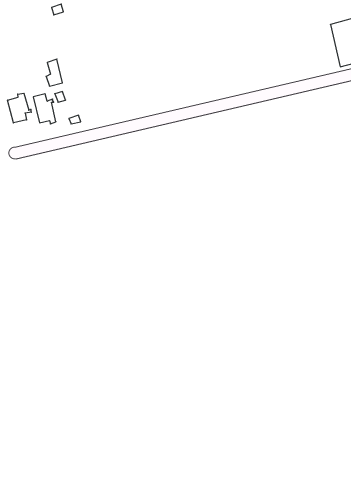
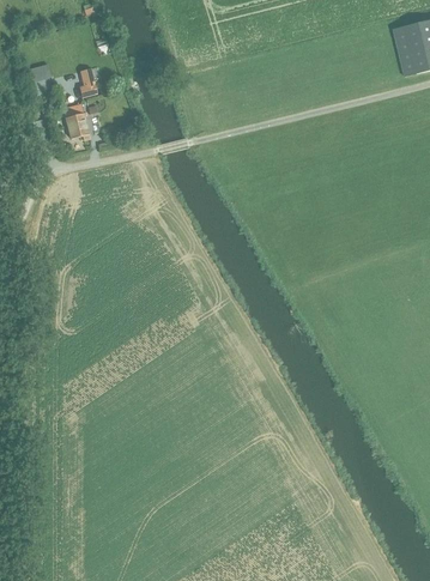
building: [8,93,31,123] -> none

